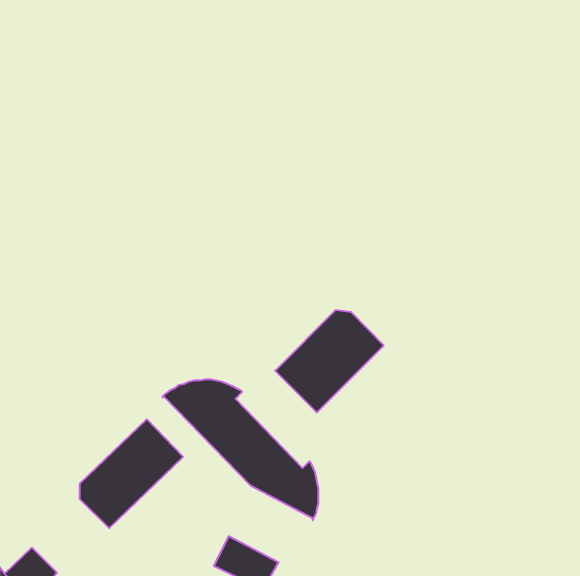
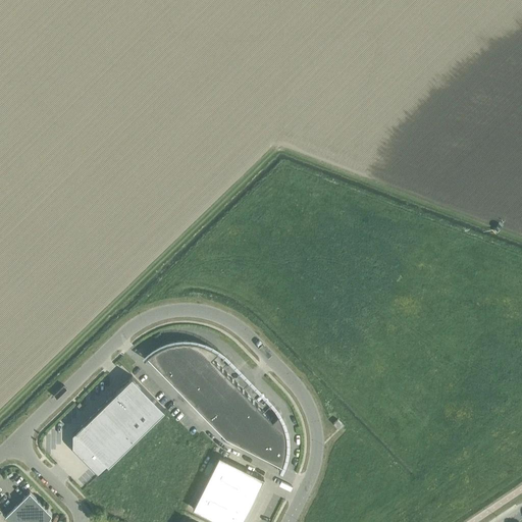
building: [275,310,384,412] -> none
building: none -> [205,460,263,509]

